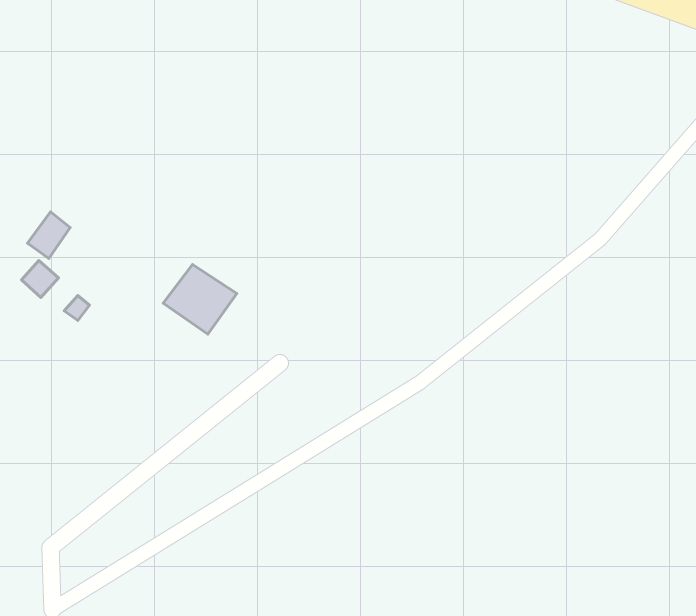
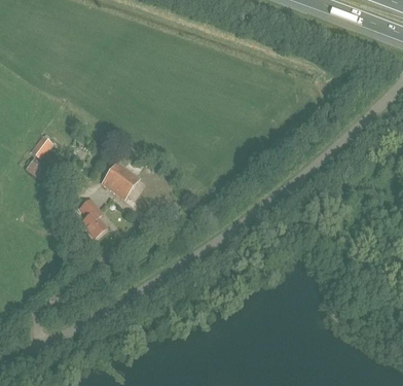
building: none -> [79,199,105,237]

